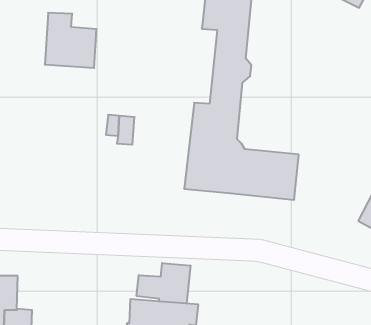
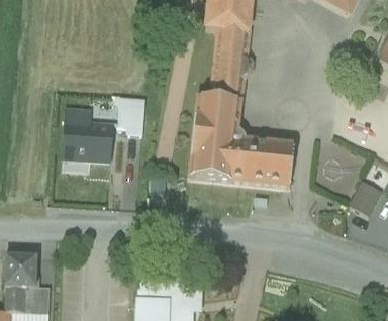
building: [45,13,97,68] -> [64,108,111,158]
building: [137,263,190,304] -> none

